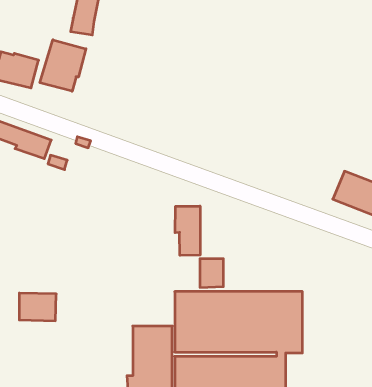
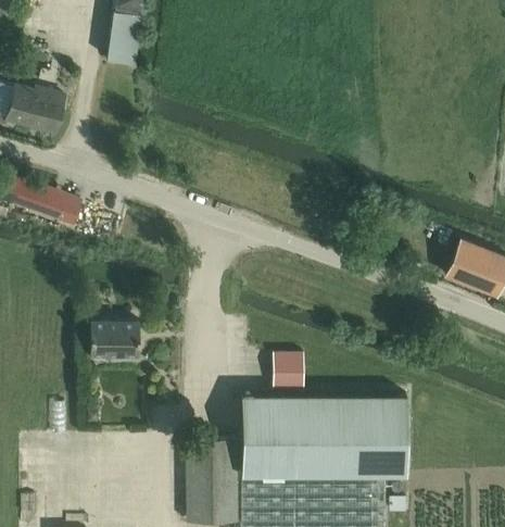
building: [40,40,86,91] -> none
building: [175,206,200,255] -> none
building: [19,293,56,321] -> [91,322,139,357]

